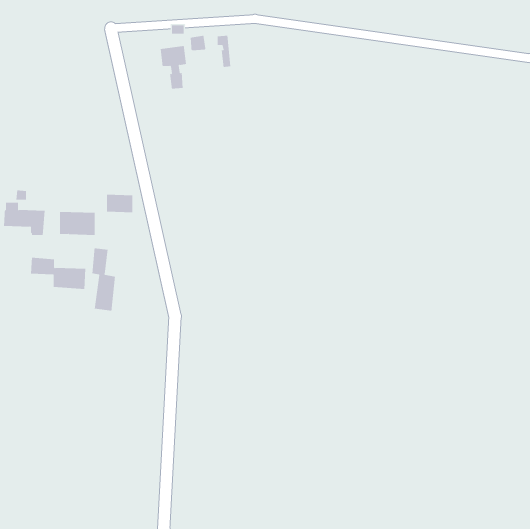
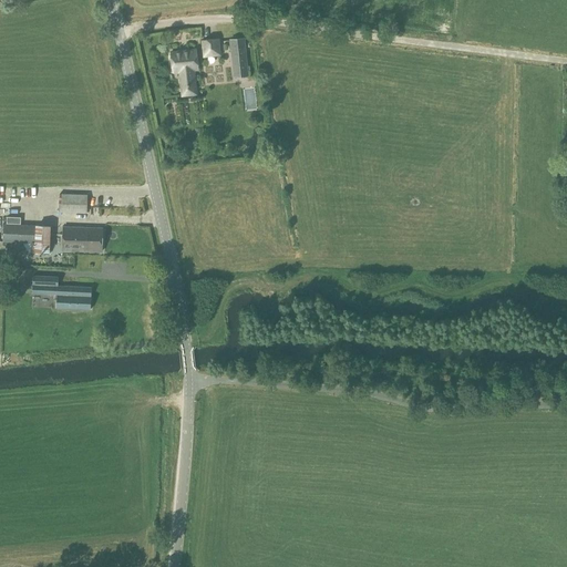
building: [106,194,133,213] -> [59,193,87,213]
building: [92,248,115,311] -> none

